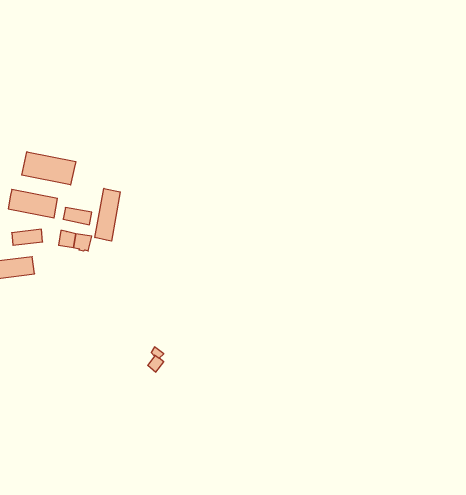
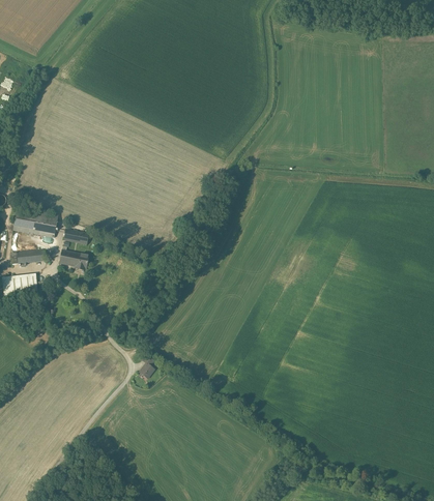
building: [22,152,76,185] -> none
building: [95,188,120,241] -> none

